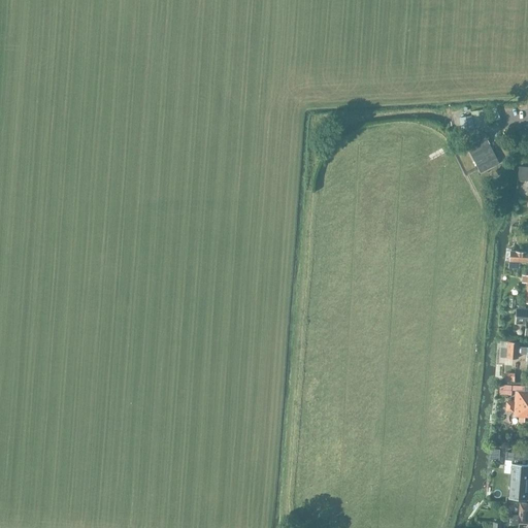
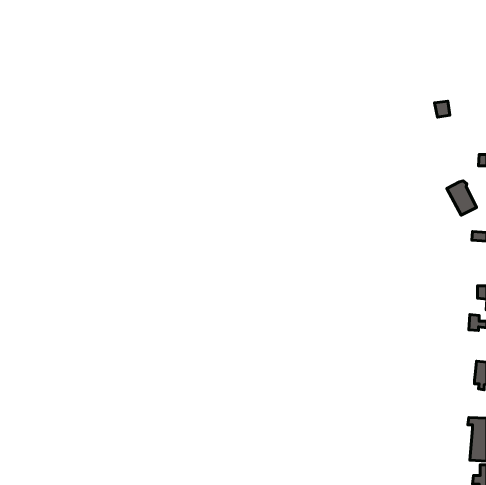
building: [468,136,500,173] -> [447,181,476,215]

